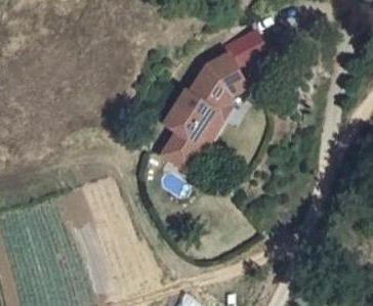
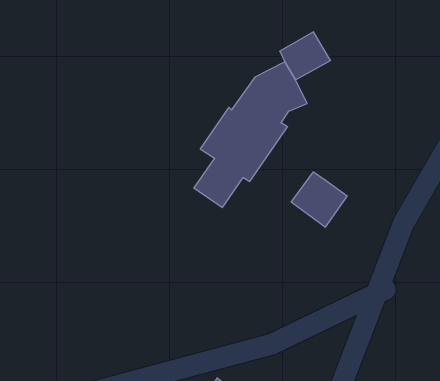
building: none -> [291,172,347,227]

